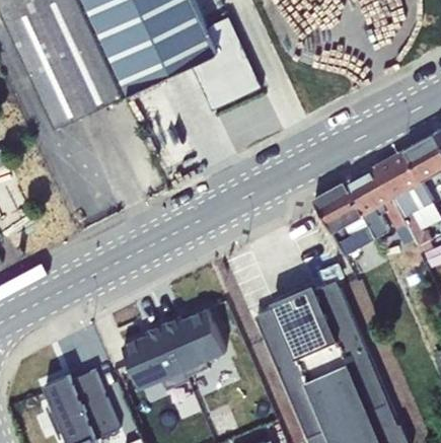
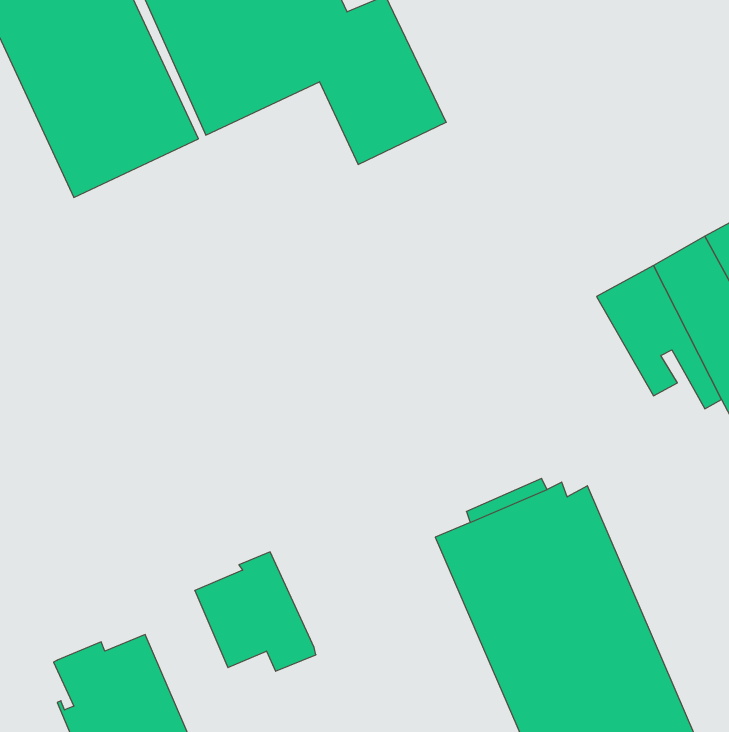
building: [312,182,375,254] -> none
building: [163,308,225,376] -> none

